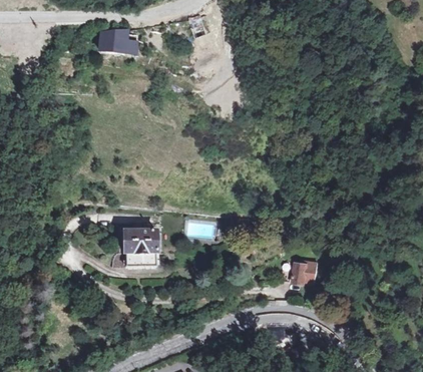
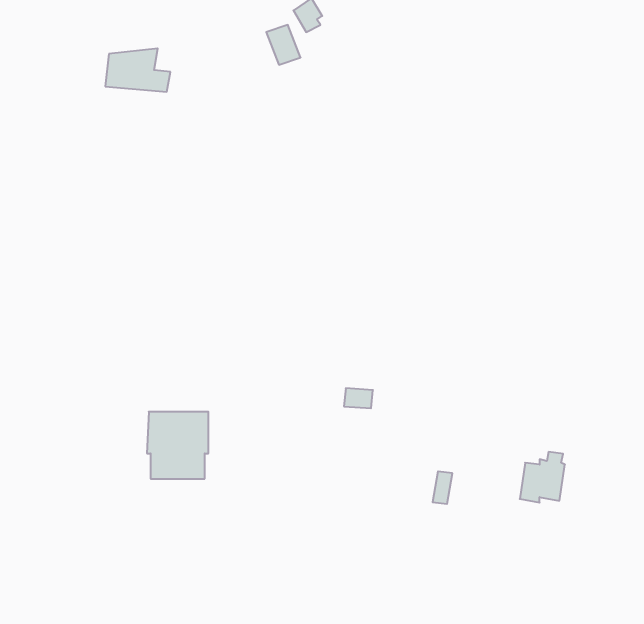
building: [293,257,318,285] -> [520,452,565,503]

